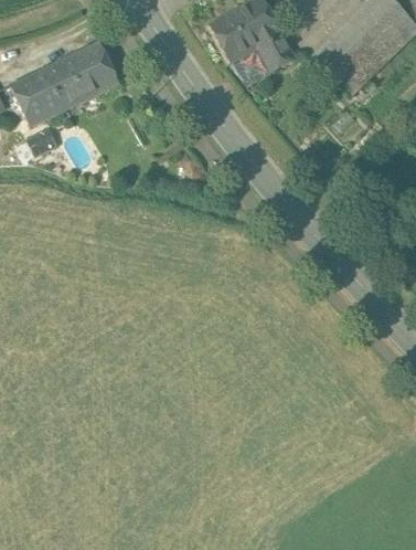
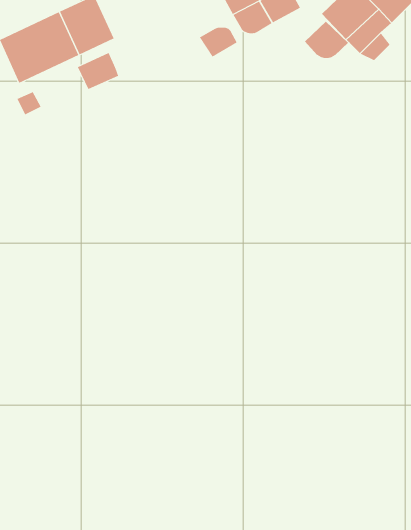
building: none -> [304,21,349,59]
building: none -> [199,27,237,57]
building: none -> [77,52,119,90]

